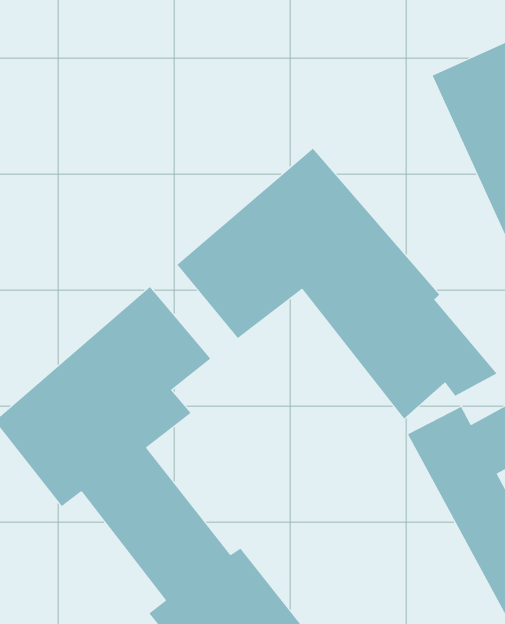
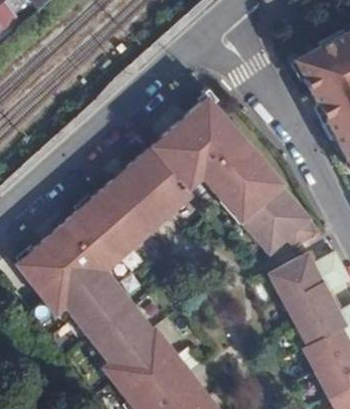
building: none -> [112,169,165,226]

